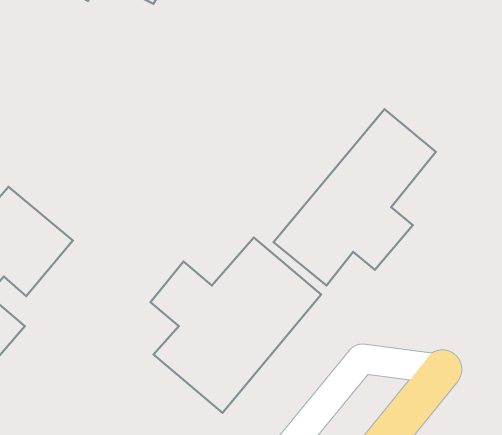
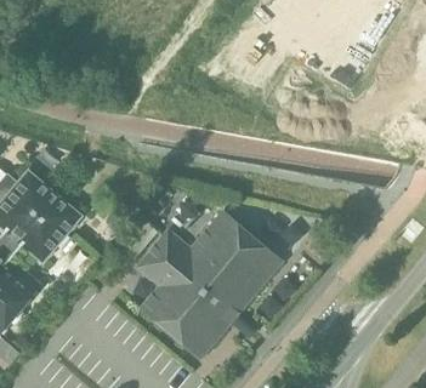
building: [274,109,436,285] -> none

